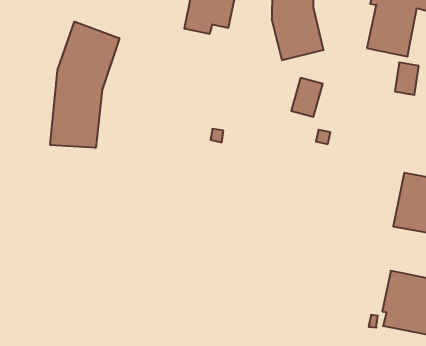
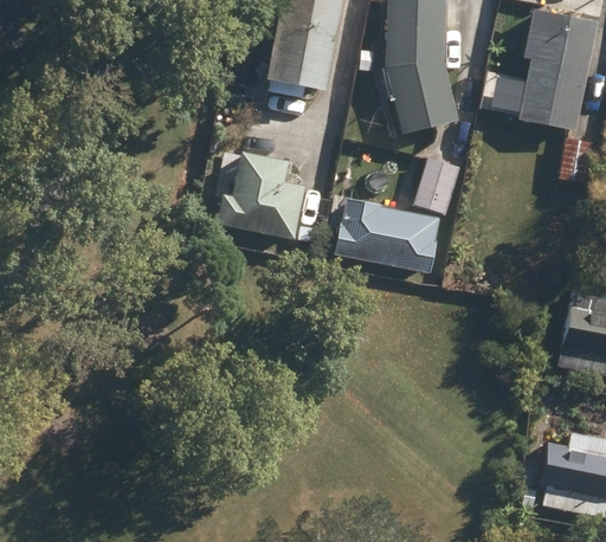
building: [50,22,119,148] -> none
building: none -> [215,153,304,240]
building: none -> [336,191,438,267]

